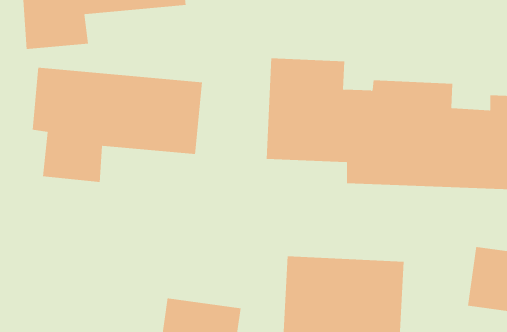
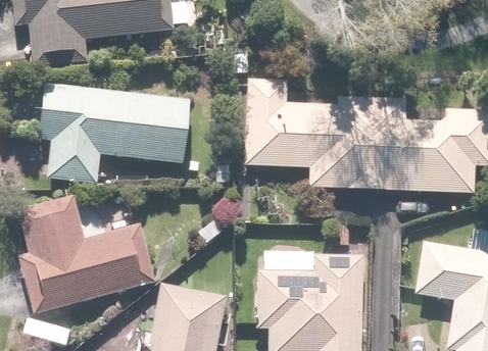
building: none -> [19,195,153,310]

